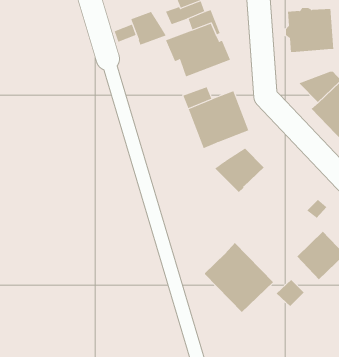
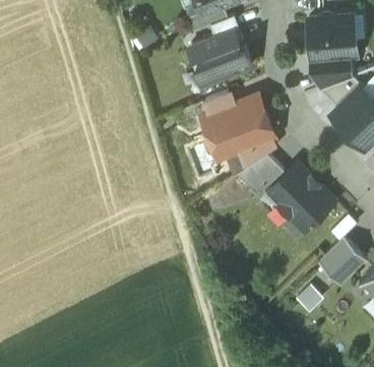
building: [130,11,166,45] -> none
building: none -> [314,56,352,89]
building: none -> [240,136,275,167]
building: [204,242,274,313] -> [266,162,335,232]

